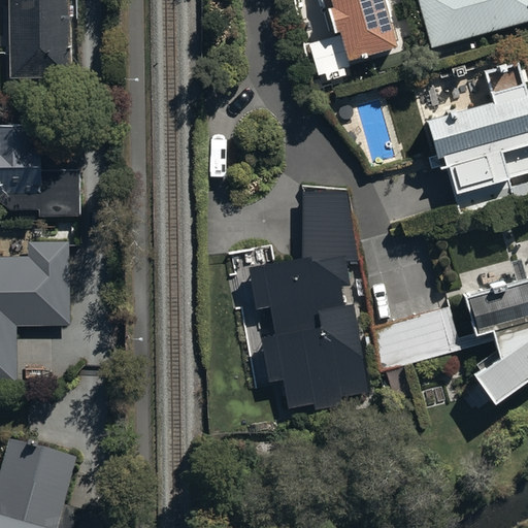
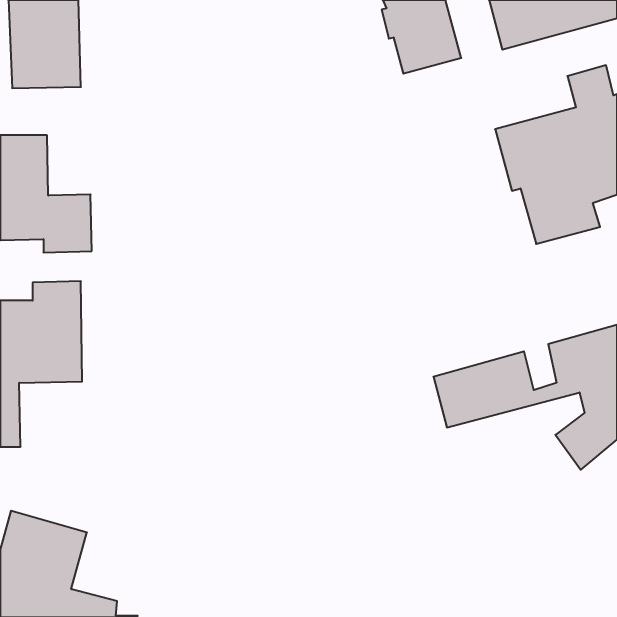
building: [250,188,368,411] -> none

